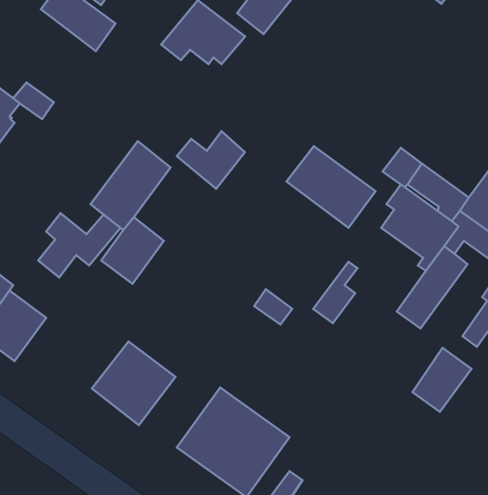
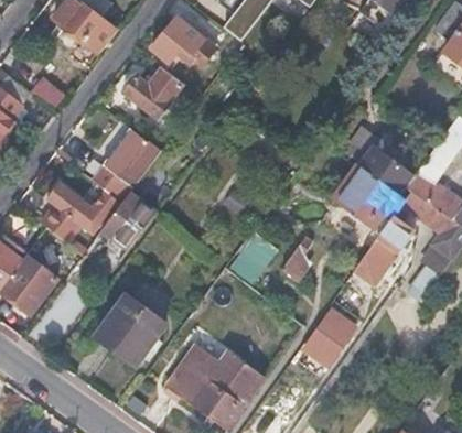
building: [177,131,245,189] -> [123,67,181,116]
building: [286,146,375,228] -> none
building: [412,348,471,412] -> [302,311,352,365]

